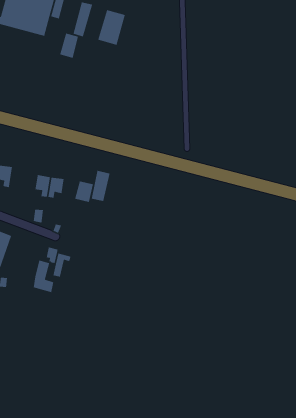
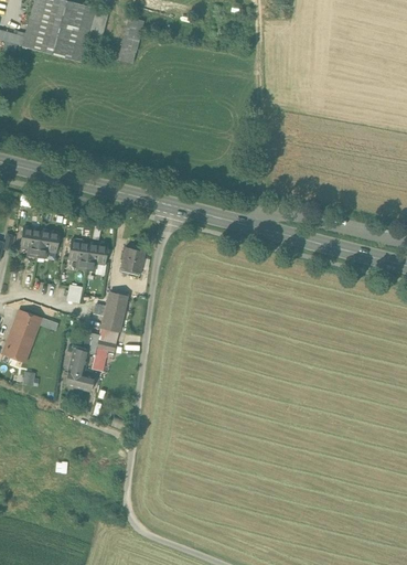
building: [97,9,126,46] -> none
building: [59,32,79,59] -> none
building: none -> [36,230,60,258]
building: [91,170,111,202] -> [101,291,127,332]

